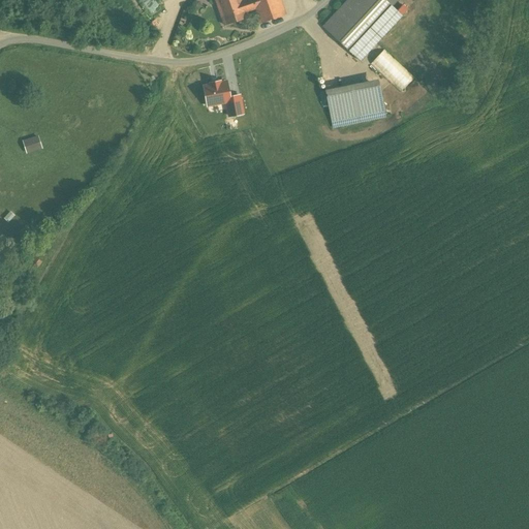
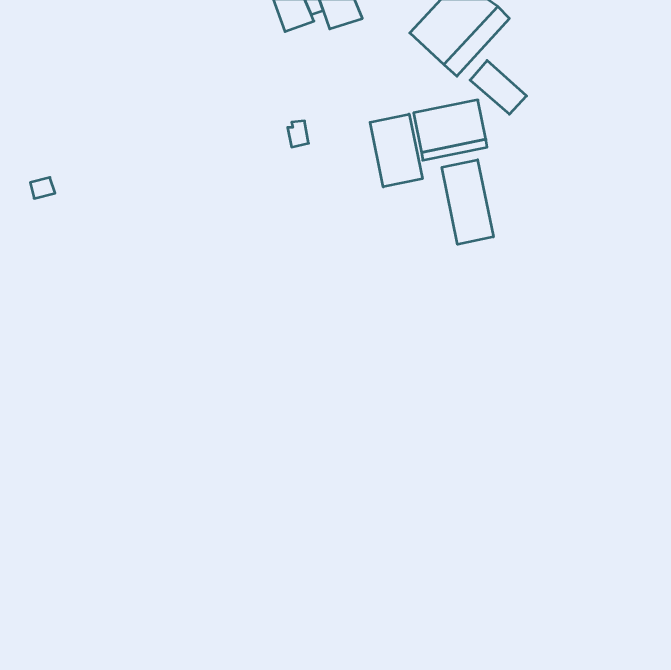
building: [204,81,230,104] -> none
building: none -> [370,114,422,187]
building: none -> [442,160,493,244]

